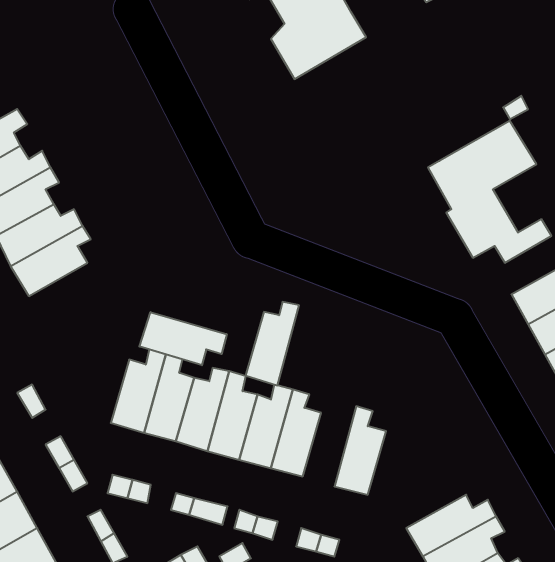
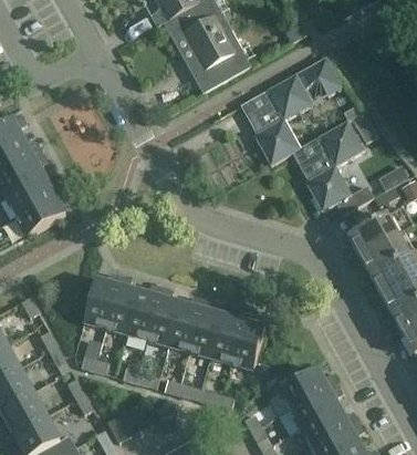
building: none -> [240,58,342,165]
building: [246,302,299,385] -> [209,308,244,363]
building: [139,312,227,365] -> none

